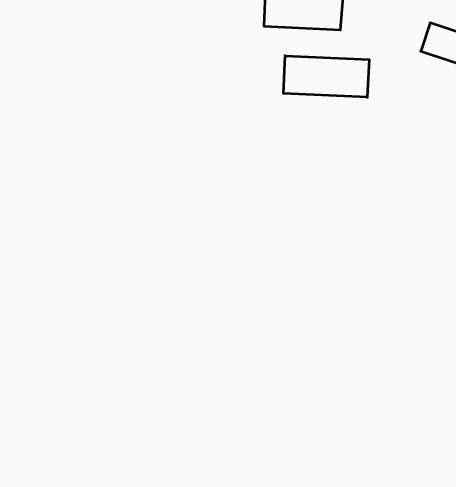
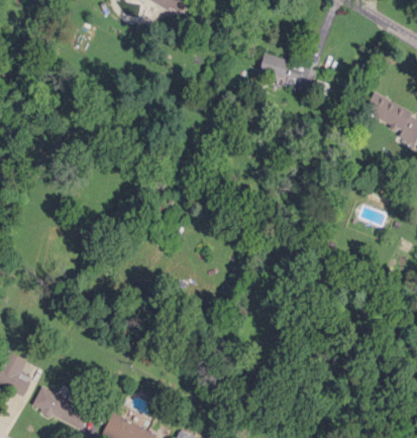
building: [283,56,369,97] -> none

